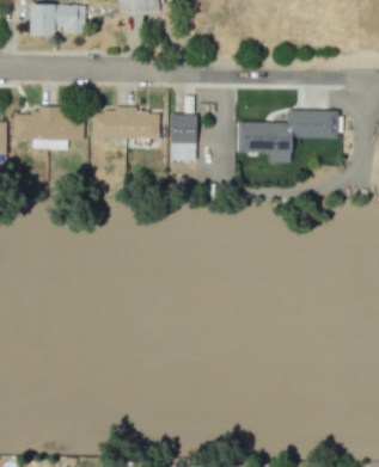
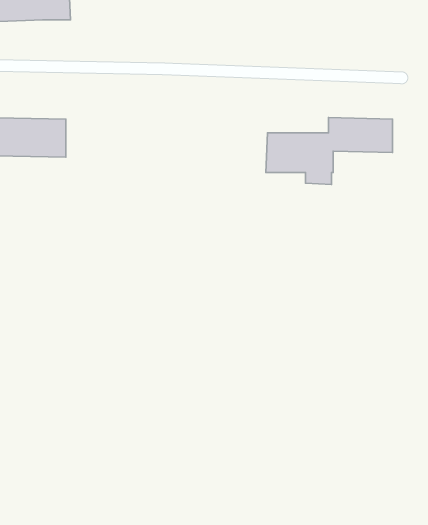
building: [92,110,159,139] -> none
building: [170,115,196,161] -> none

